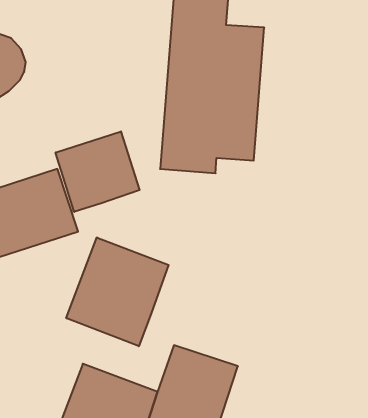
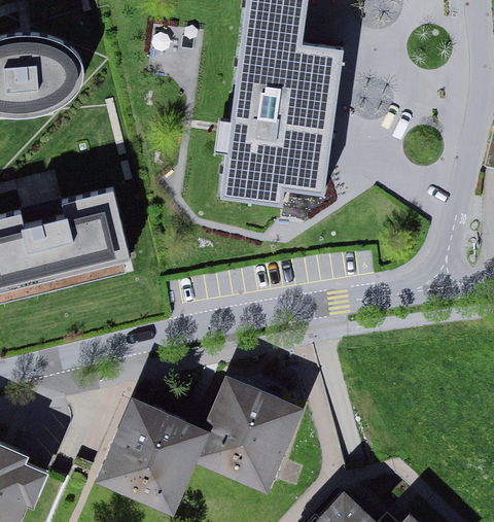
building: [56,131,140,212] -> none
building: [66,237,169,346] -> none

